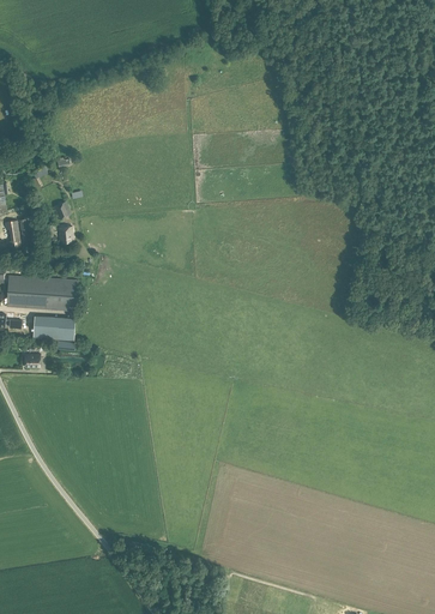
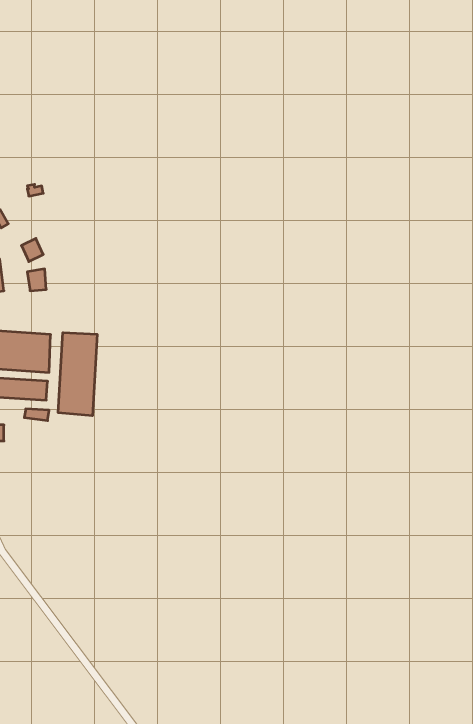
building: none -> [58,333,97,416]

